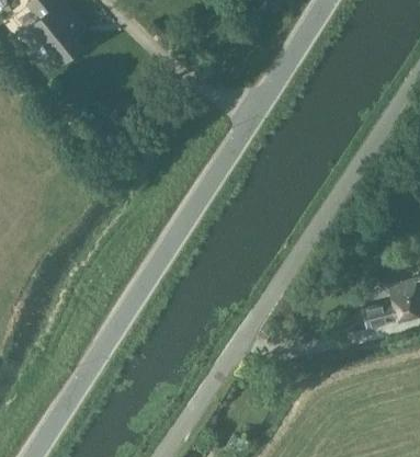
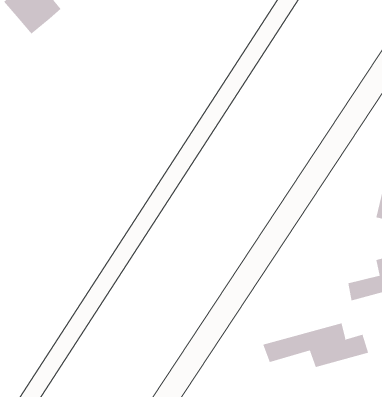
building: none -> [263,323,369,368]

